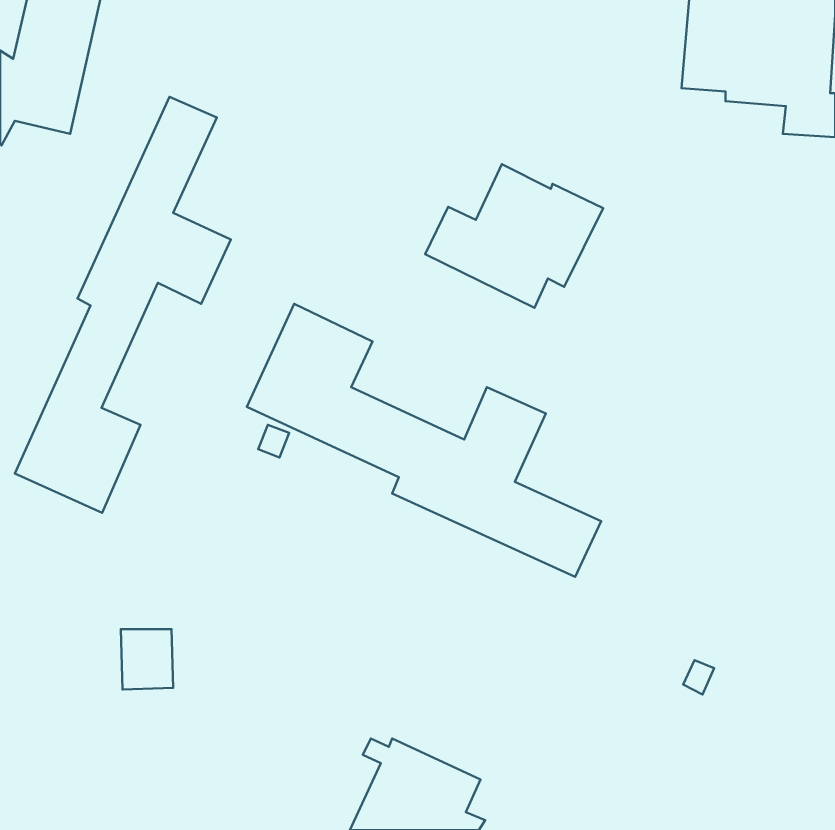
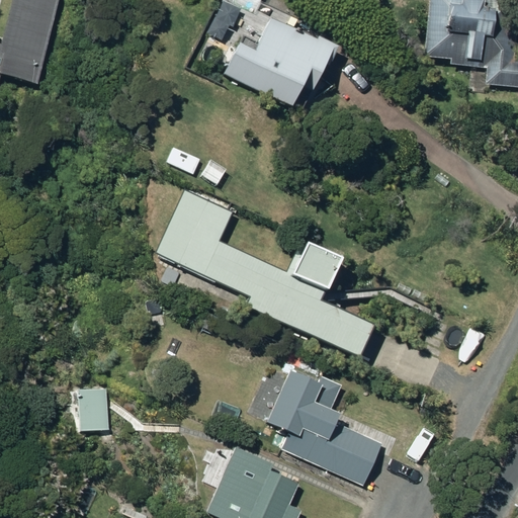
building: [15,97,231,513] -> none
building: [425,164,603,308] -> [222,16,332,105]
building: none -> [265,369,384,485]

